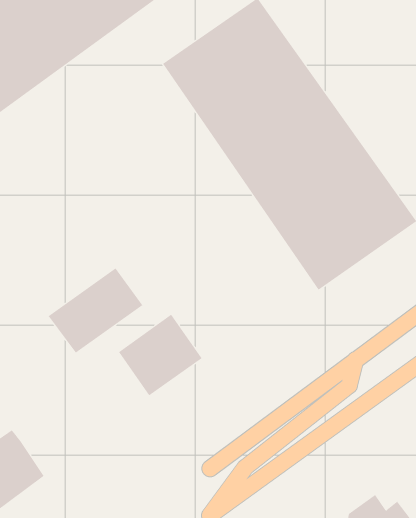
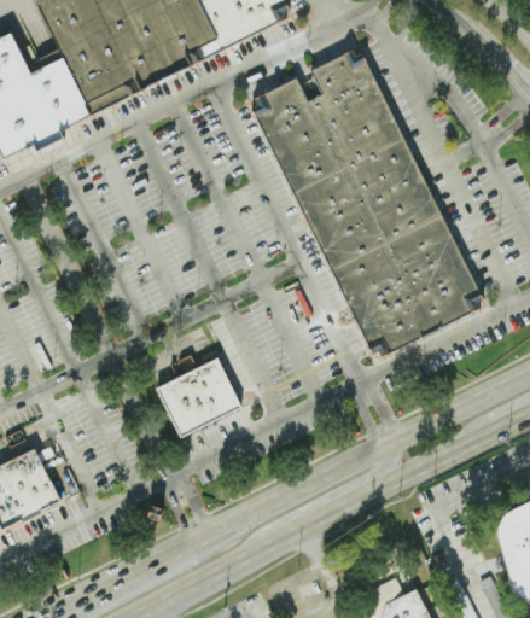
building: [48,268,143,354] -> none

